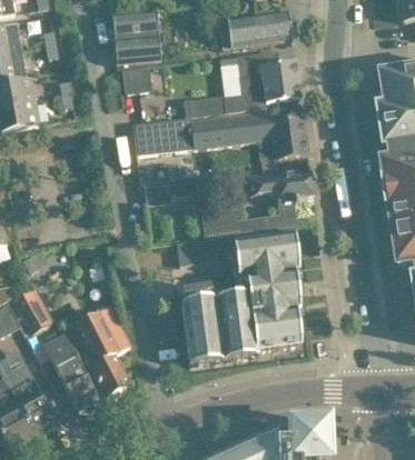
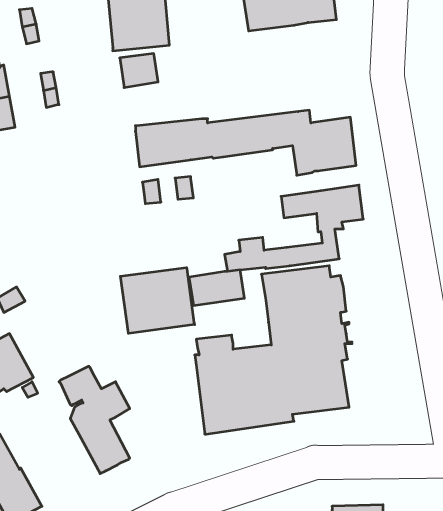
building: [184,51,299,118] -> none
building: none -> [120,268,195,333]
building: [43,334,99,412] -> none

